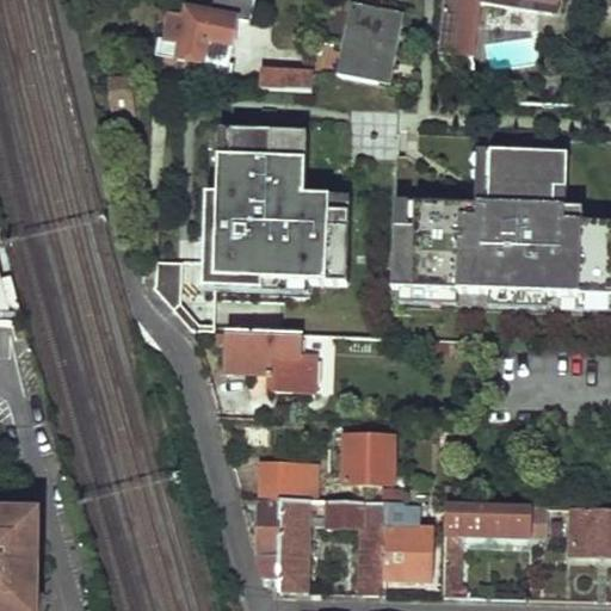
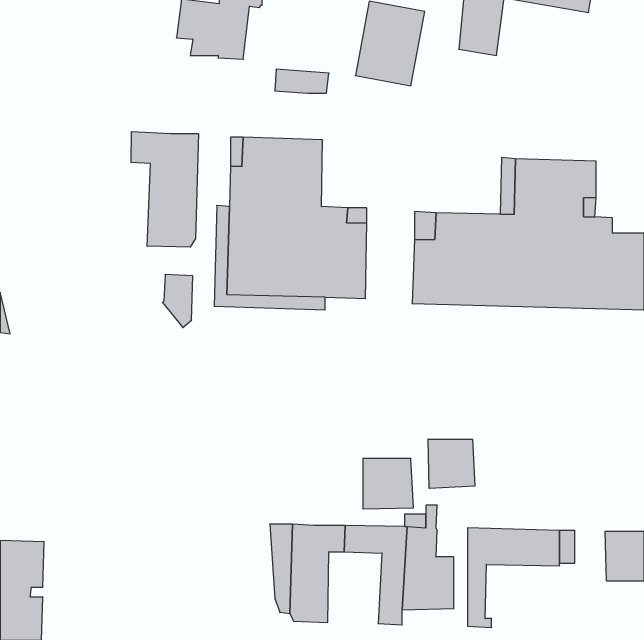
building: none -> [131,132,198,247]
building: [237,333,326,394] -> none
building: none -> [428,439,475,488]
building: [258,459,298,498] -> none

